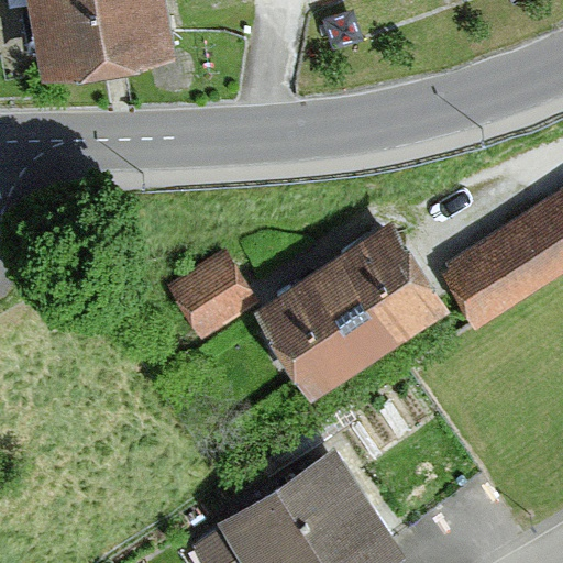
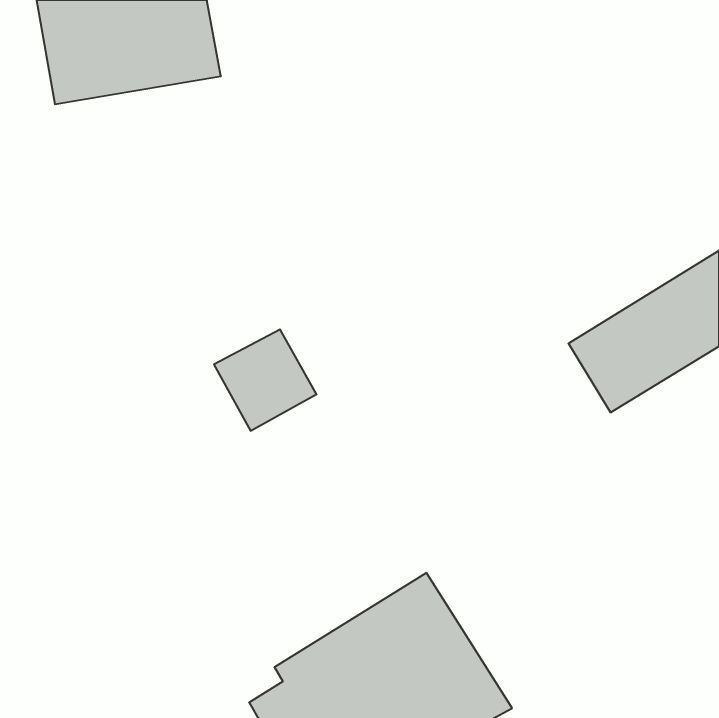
building: [263,221,451,395] -> none

